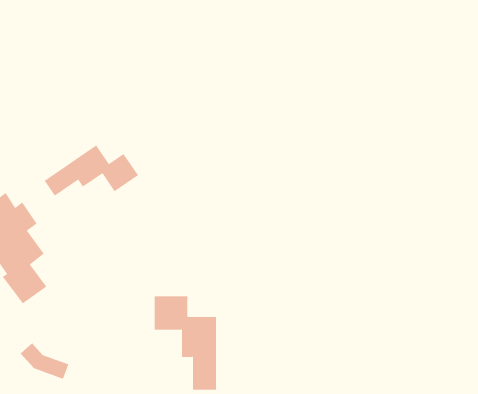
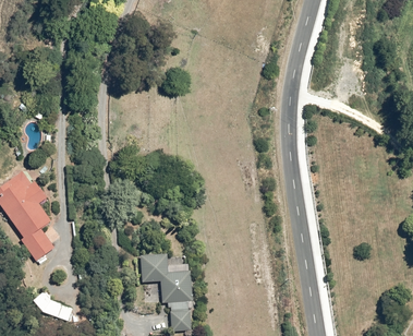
building: [44,144,139,196] -> none

